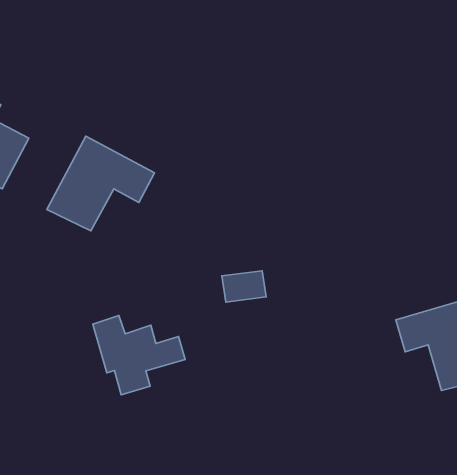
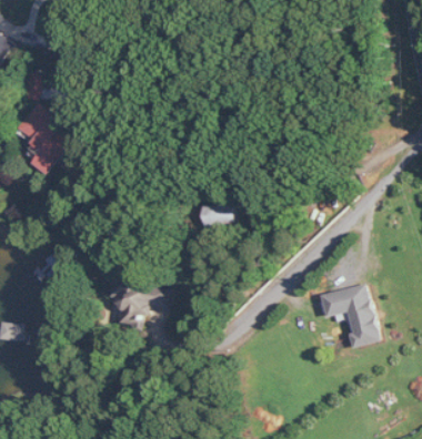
building: [47,136,155,231] -> none
building: [222,271,266,302] -> [201,205,231,225]

